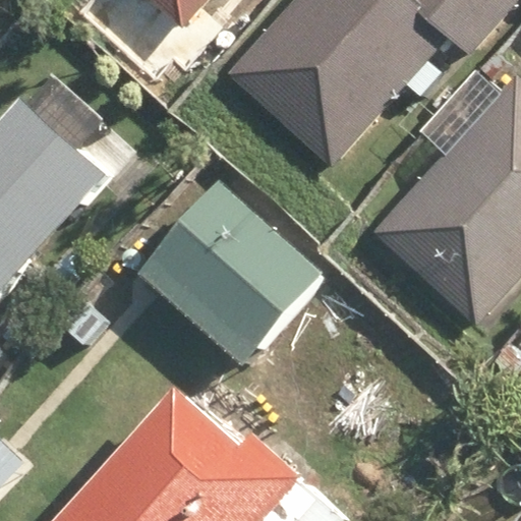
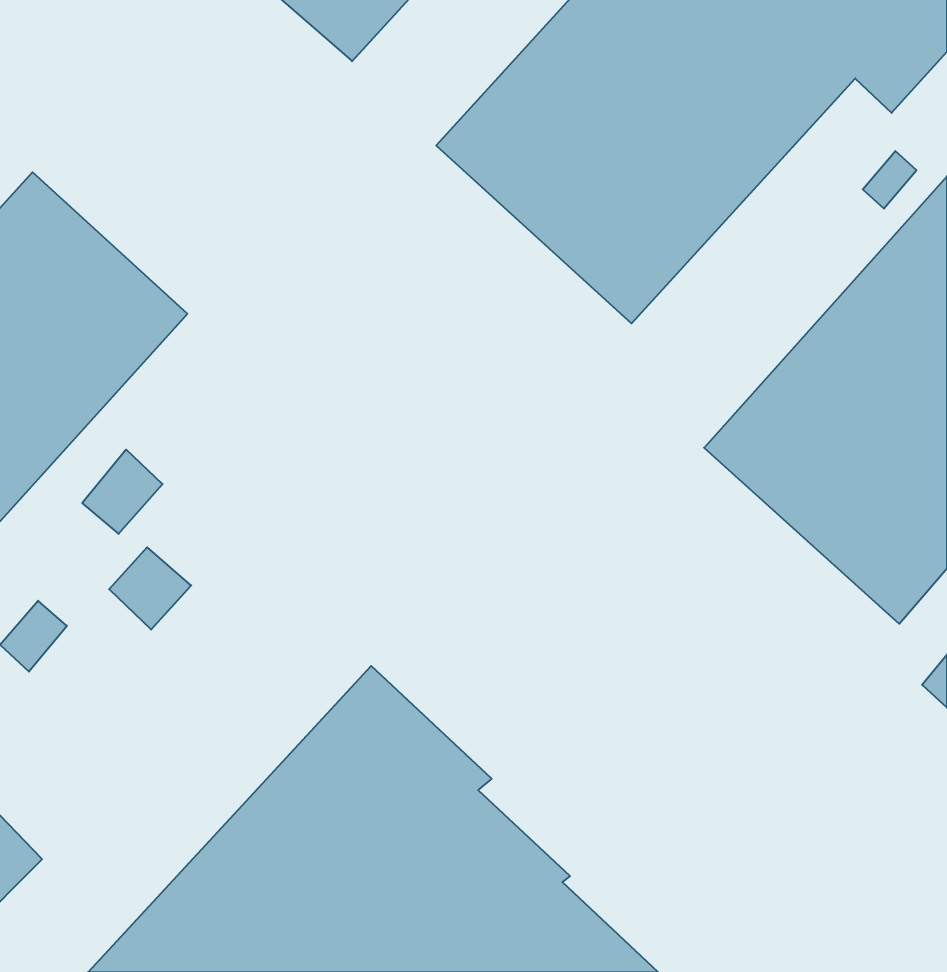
building: [148,190,334,374] -> none

